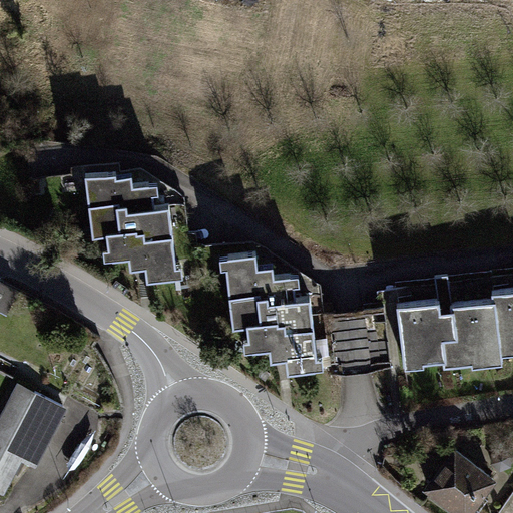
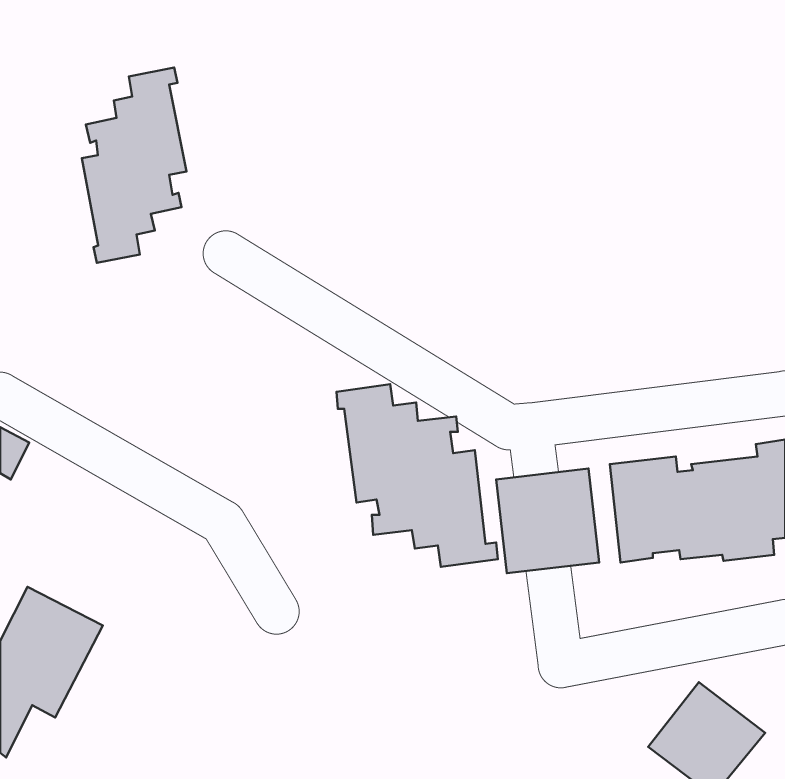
building: none -> [82,67,186,263]
building: [84,172,184,283] -> none

